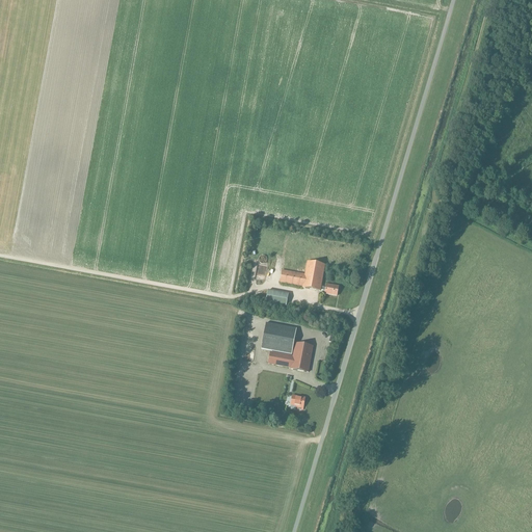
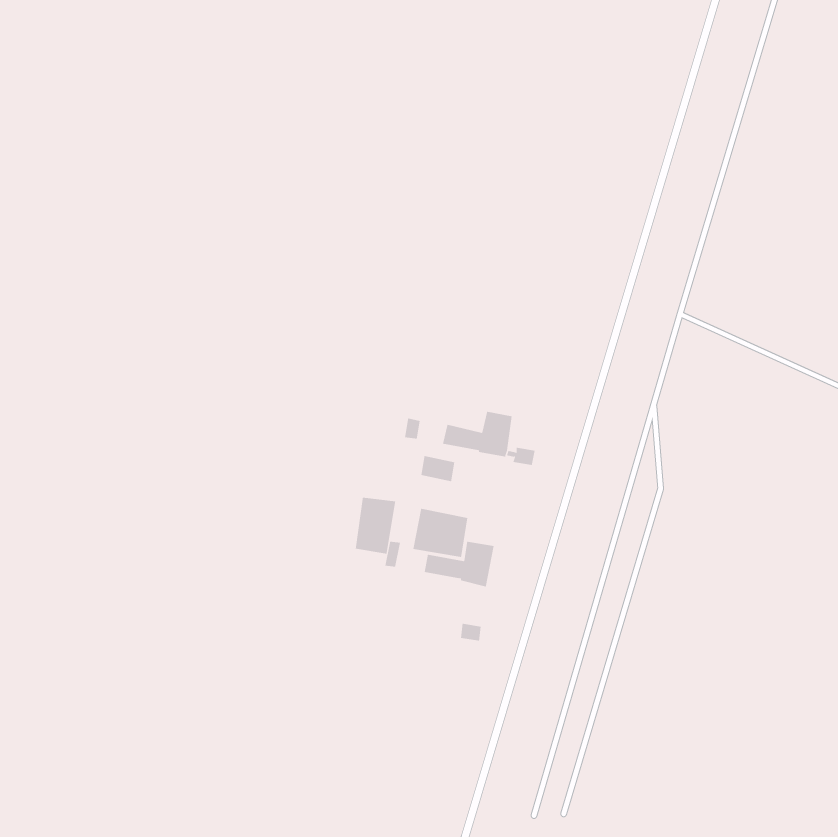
building: none -> [355,497,396,554]

